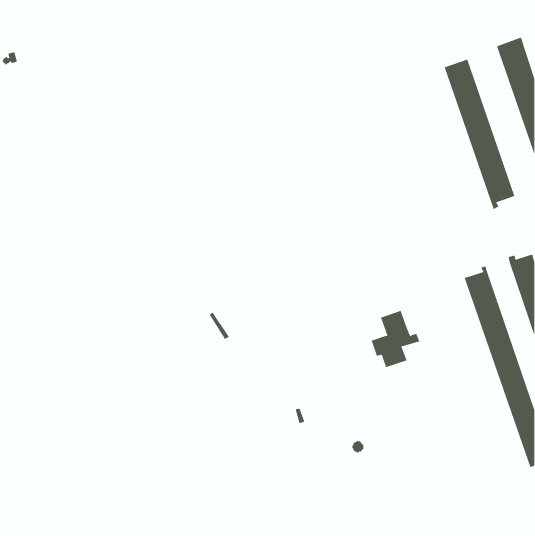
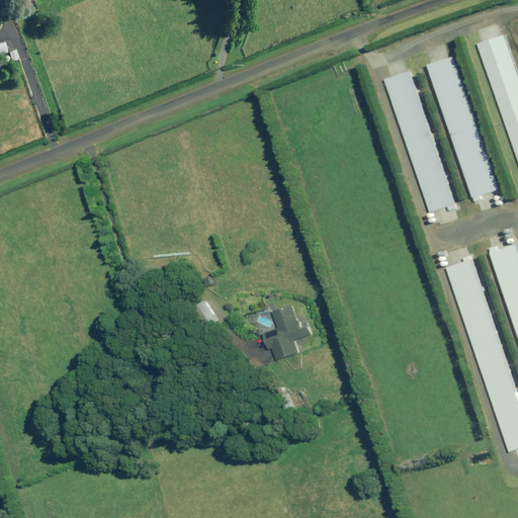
building: none -> [385,72,455,212]
building: [371,310,420,368] -> [263,305,311,360]

